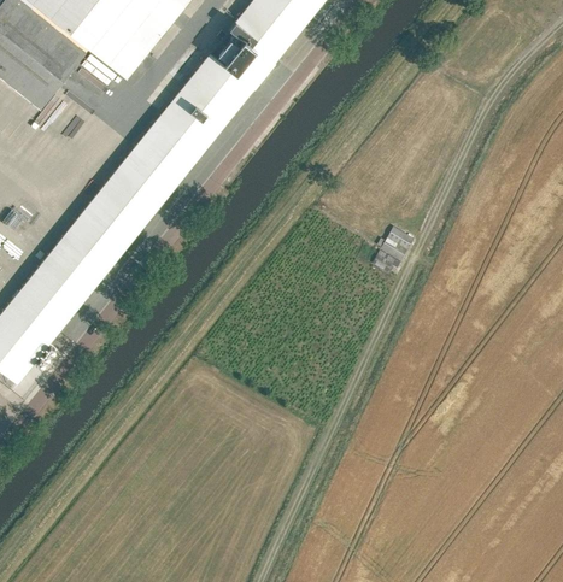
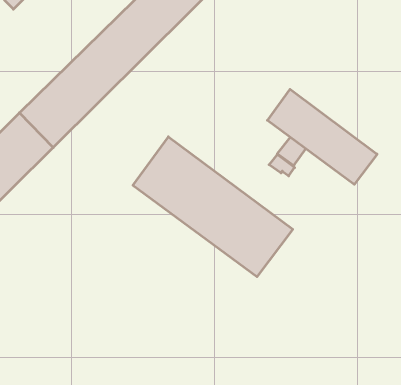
building: none -> [267,89,377,184]
building: none -> [133,137,293,277]

